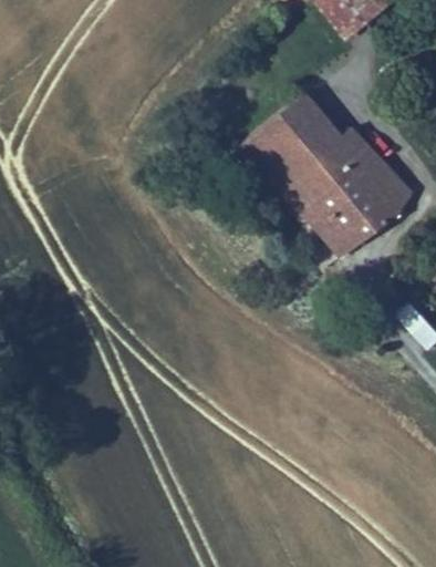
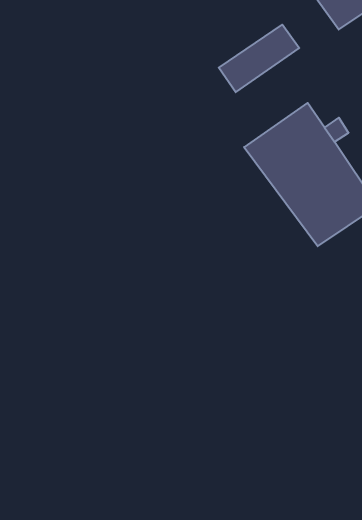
building: [245,91,323,162] -> [219,25,299,92]

